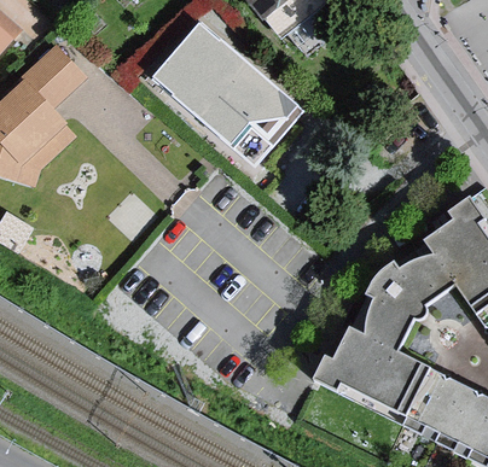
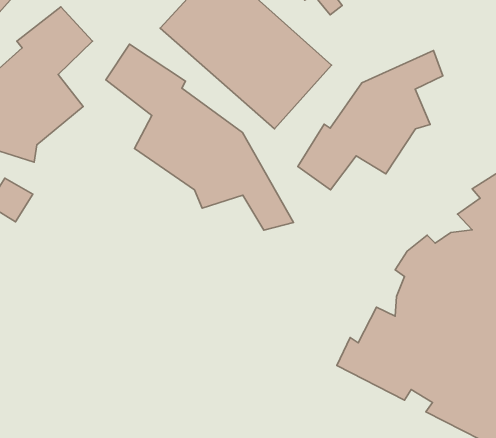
building: none -> [106,44,294,230]
building: none -> [298,50,443,190]

